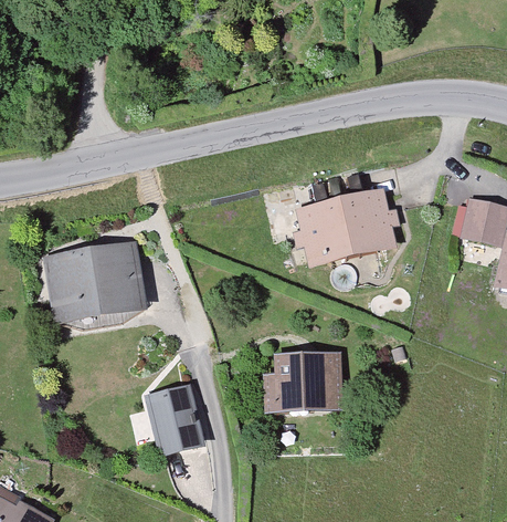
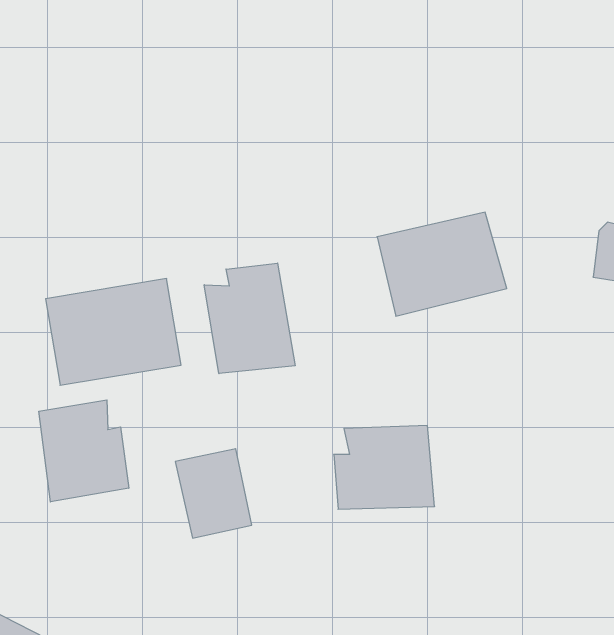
building: none -> [204,263,295,374]
building: none -> [39,400,129,502]

